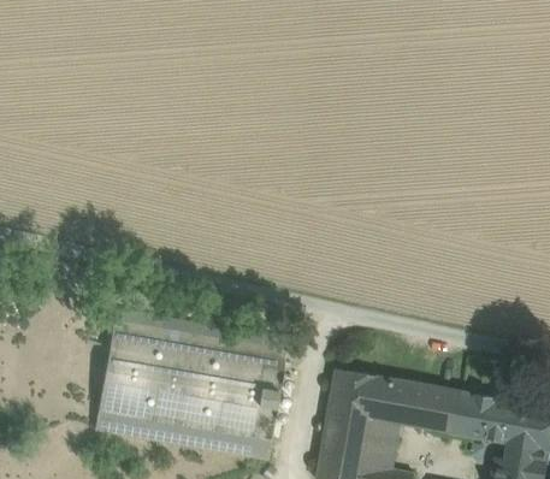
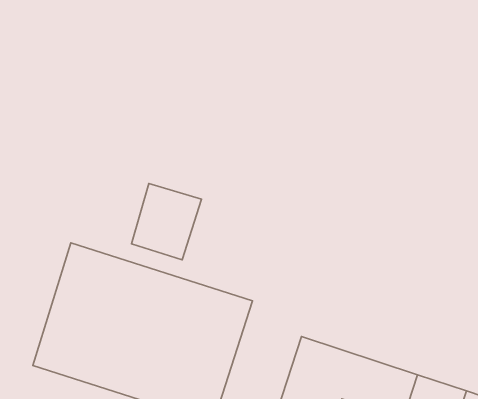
building: none -> [132,184,201,260]

